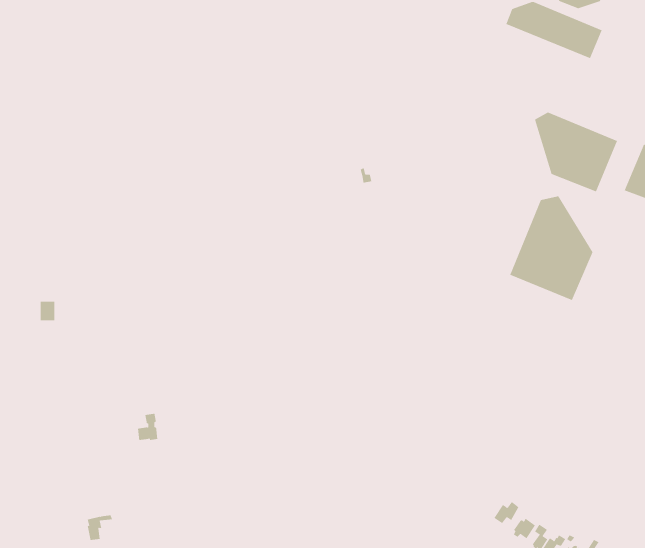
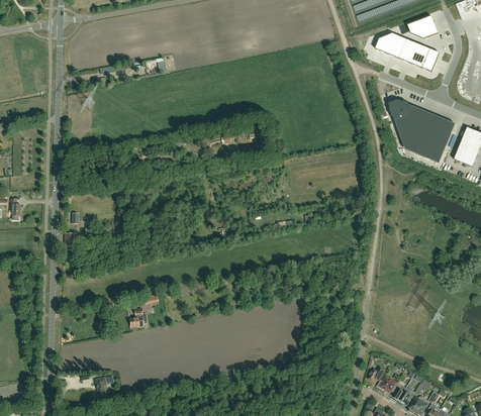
building: [510,195,593,301] -> none

